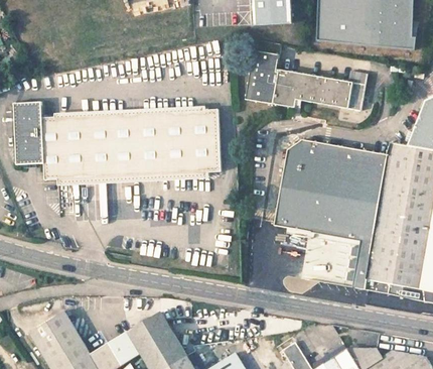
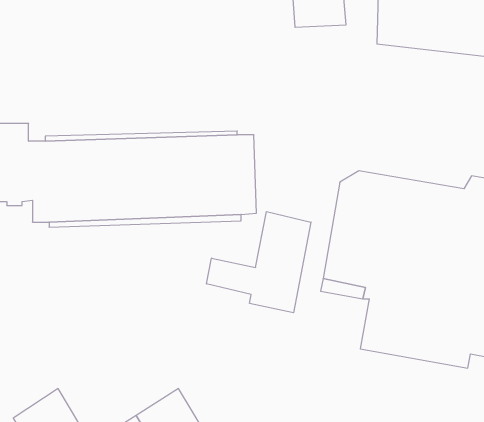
building: [247,41,367,110] -> none
building: none -> [207,212,311,313]

